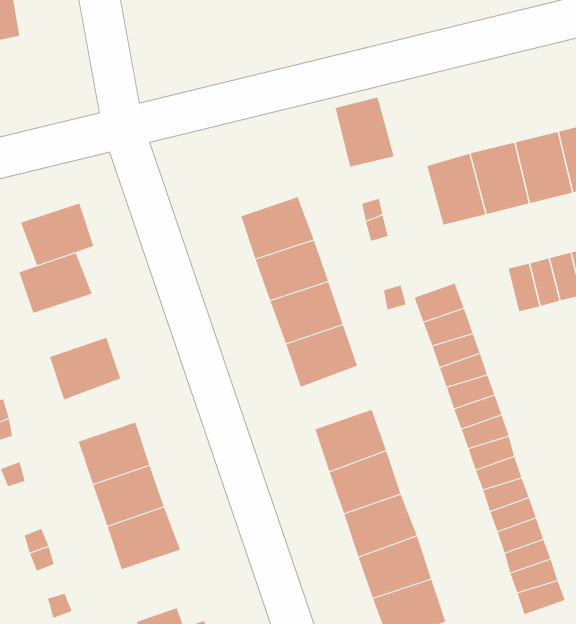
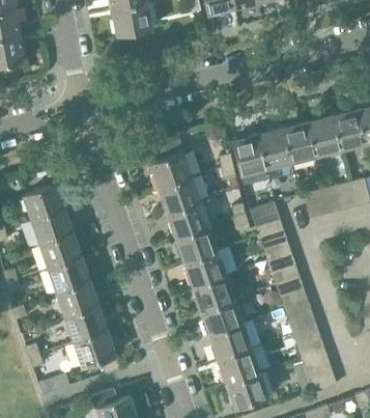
building: [335,97,395,167] -> [232,135,266,175]
building: [20,203,94,266] -> [31,208,74,245]
building: none -> [184,250,226,286]
building: none -> [49,257,90,294]

